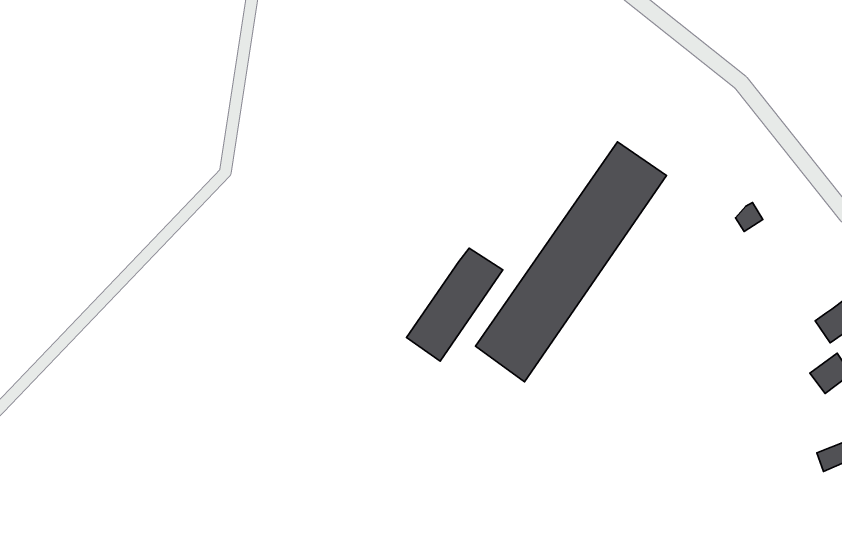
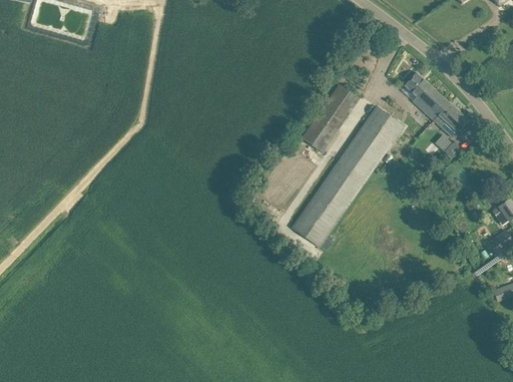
building: none -> [404,72,468,136]
building: [407,248,503,361] -> [302,85,359,152]

